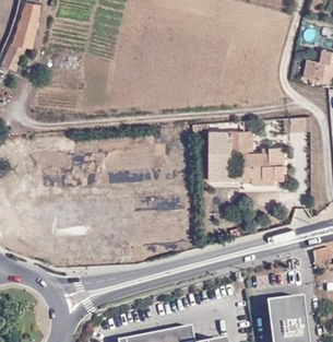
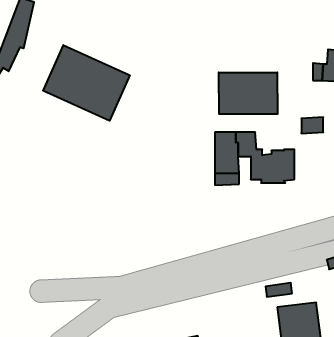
building: none -> [43,45,130,121]
building: none -> [219,72,278,114]

